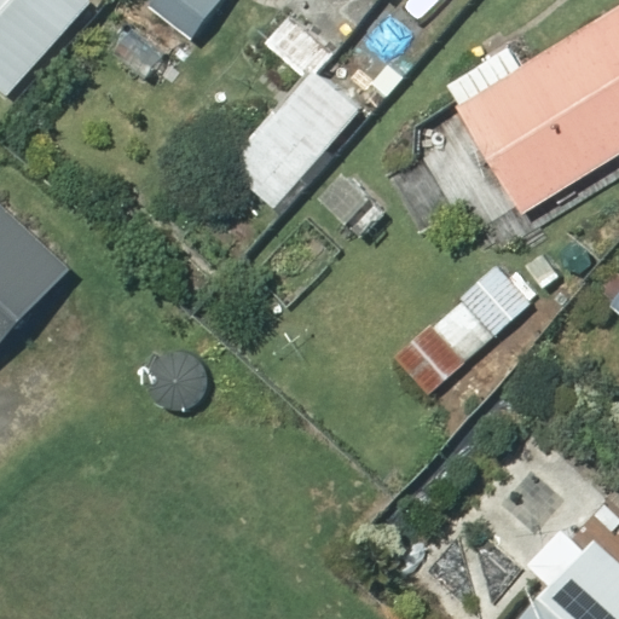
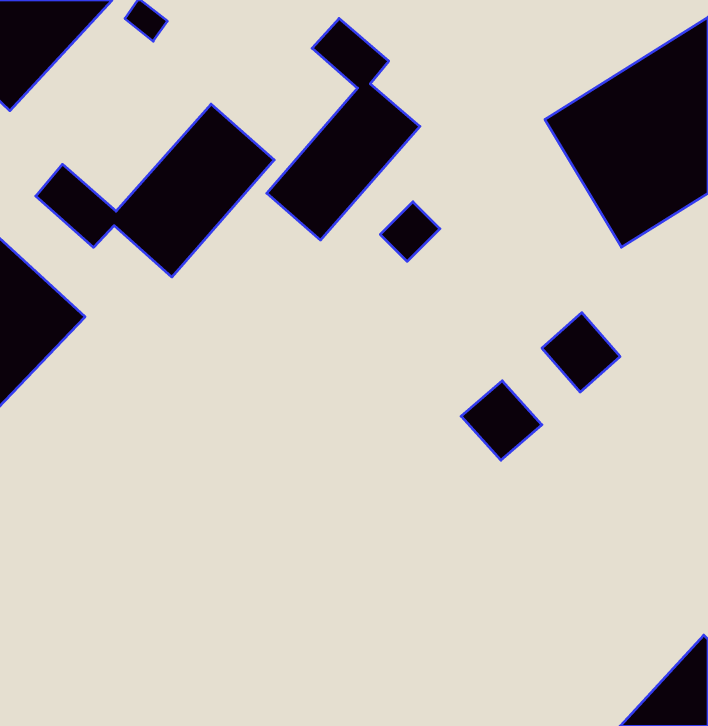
building: none -> [36,104,274,277]

